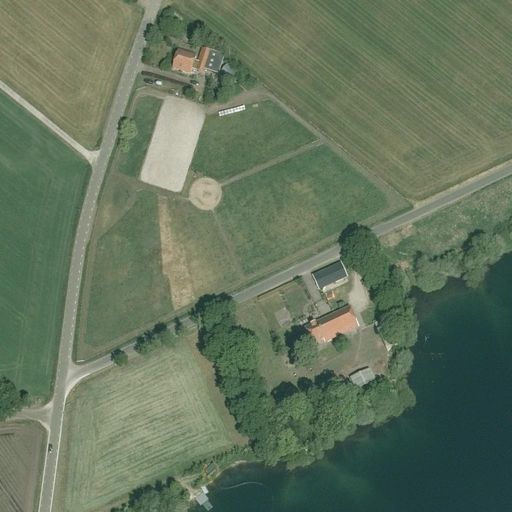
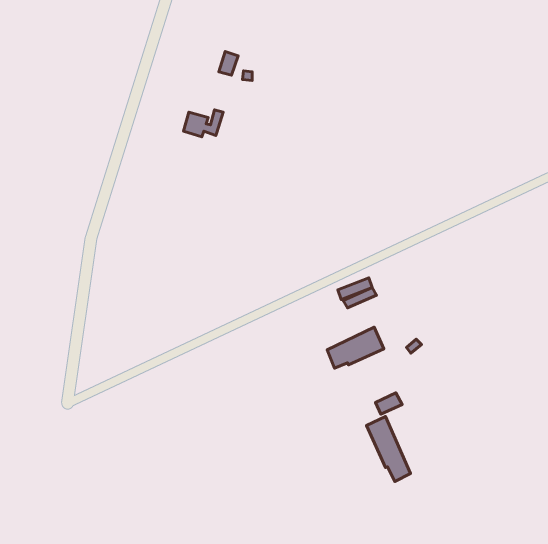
building: [173,46,210,71] -> [184,110,223,137]
building: none -> [366,417,411,482]

